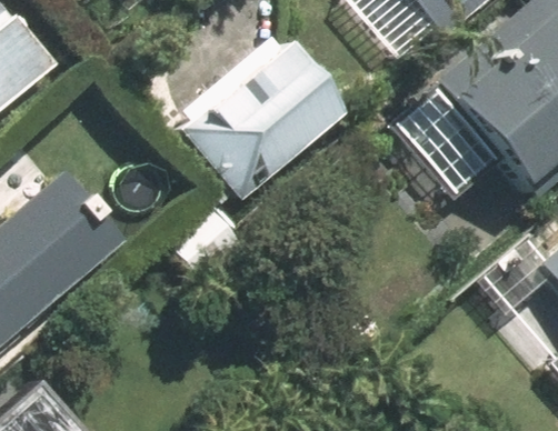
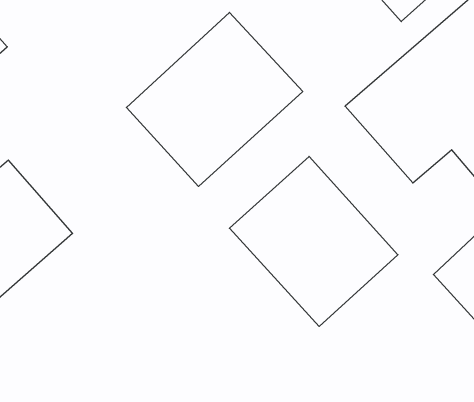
building: none -> [229,156,398,326]

